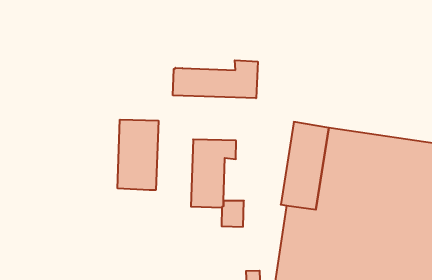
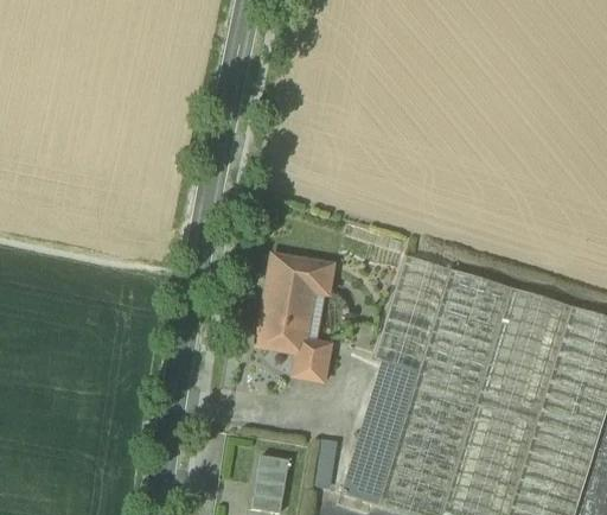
building: [173,60,258,98] -> none
building: [118,120,158,190] -> none

